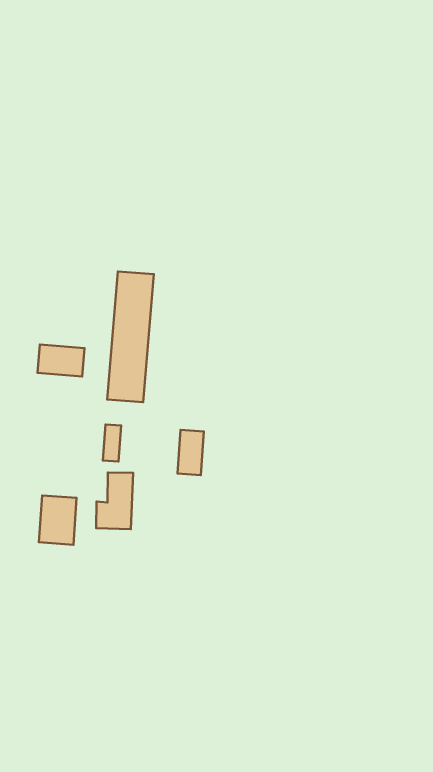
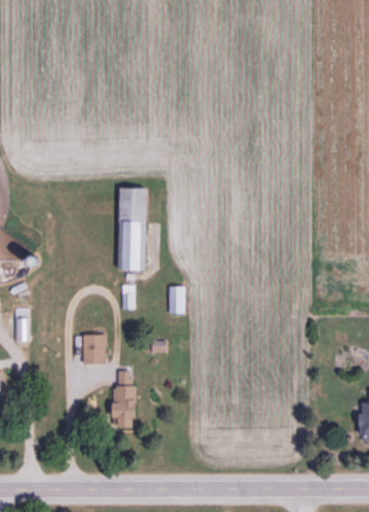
building: [38,345,85,377] -> none
building: [96,473,133,529] -> [109,384,132,421]

